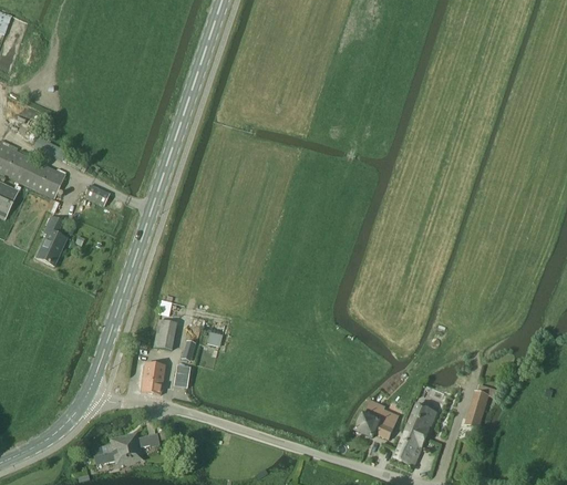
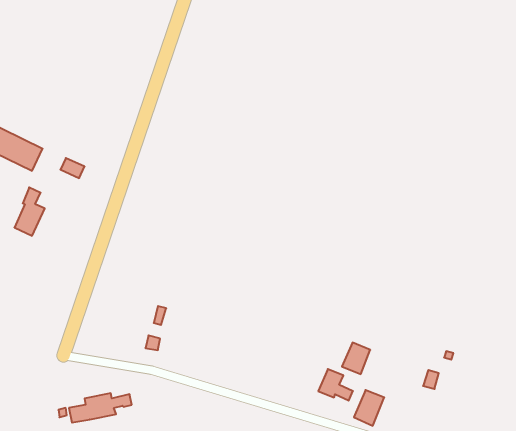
building: [154,319,177,349] -> none
building: [142,362,165,393] -> none
building: [406,403,436,436] -> [342,343,370,374]

